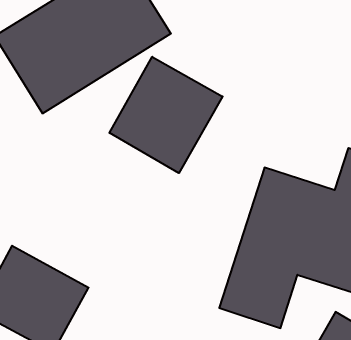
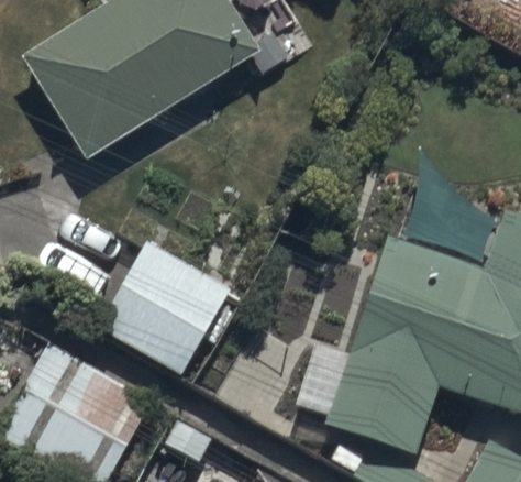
building: [109,57,223,173] -> none
building: none -> [96,237,234,375]

